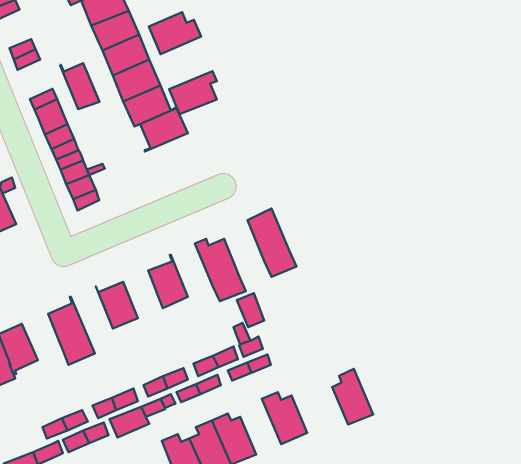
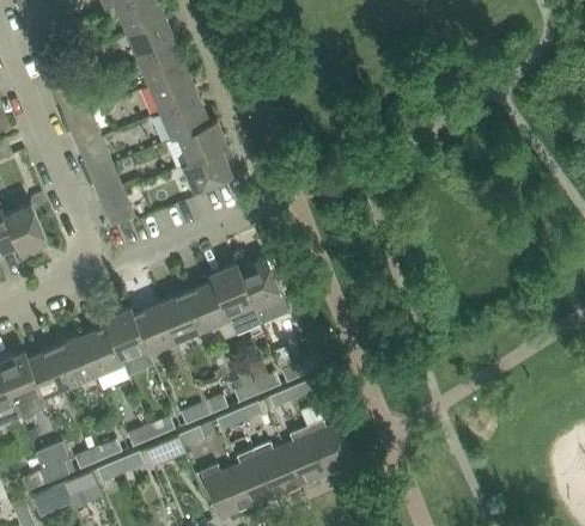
building: [149,12,201,54] -> none
building: [60,63,99,109] -> none
building: [169,71,217,114] -> [182,147,232,192]
building: [248,209,296,277] -> [209,263,261,335]
building: none -> [159,292,201,342]
building: none -> [104,308,153,375]
building: none -> [53,337,96,386]
building: [332,369,373,425] -> [282,427,325,485]
building: none -> [35,441,74,483]

